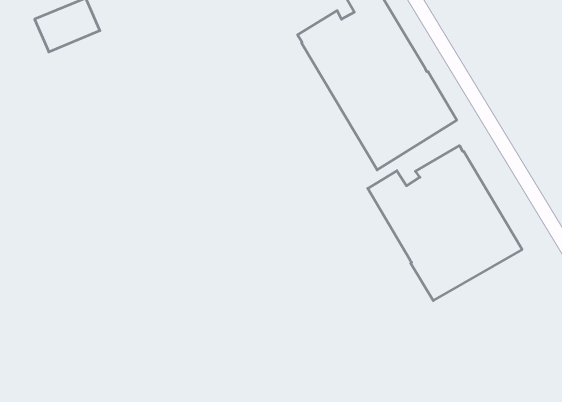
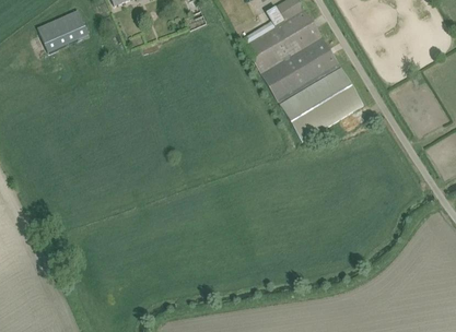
building: [368,146,522,301] -> none

